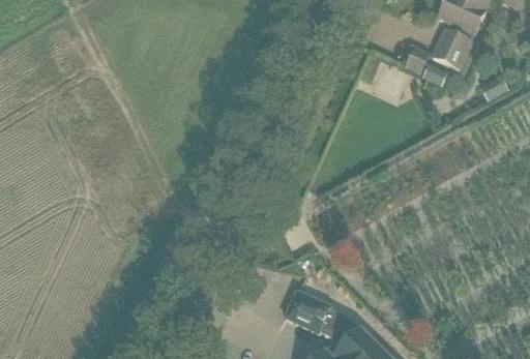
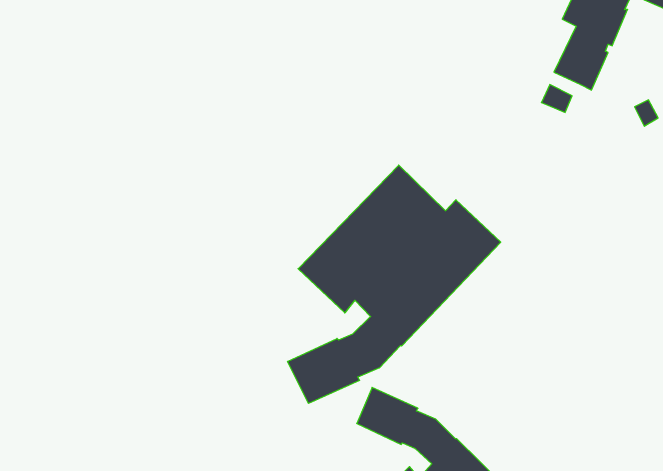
building: none -> [288,165,501,403]

